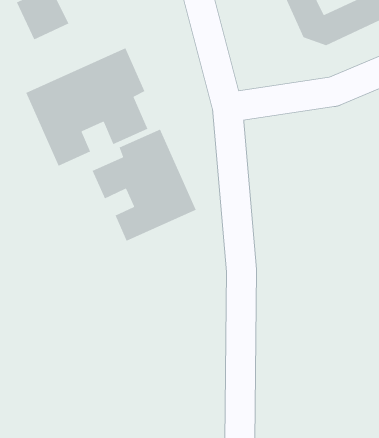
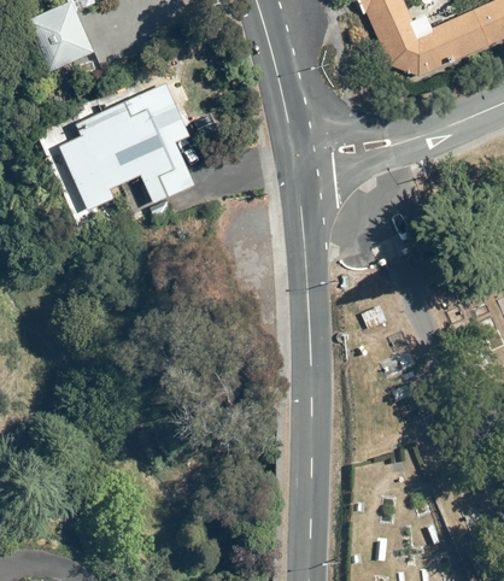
building: [92,128,197,242] -> none

